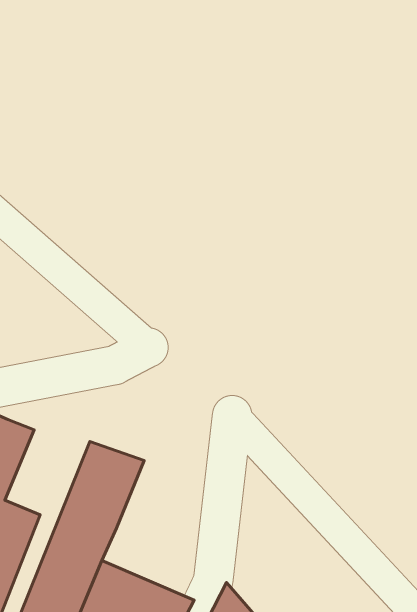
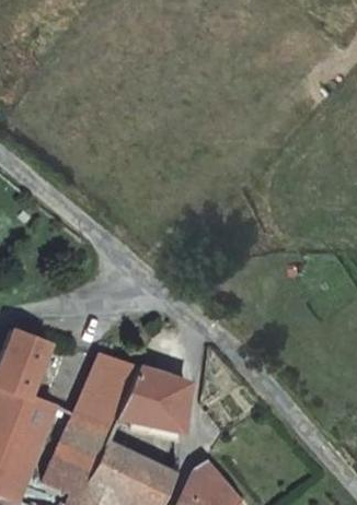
building: none -> [117,367,188,432]

